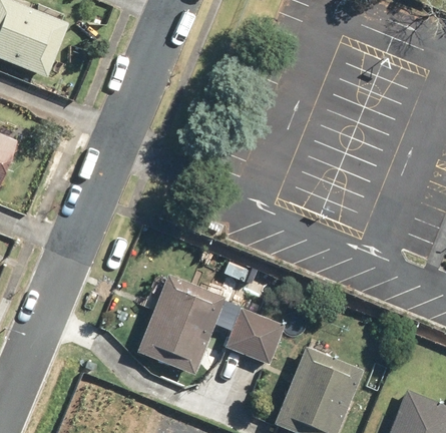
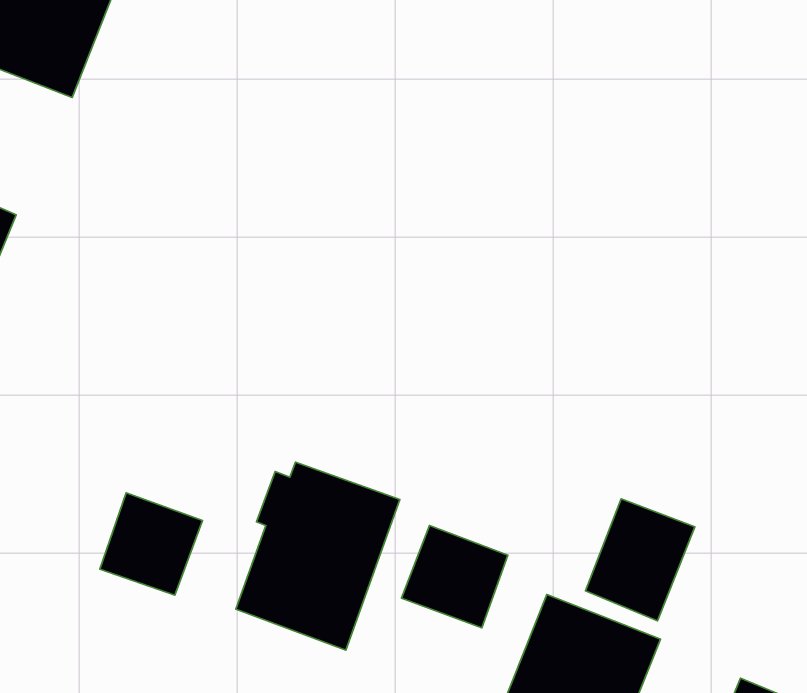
building: none -> [100,493,203,595]
building: none -> [585,499,695,621]

